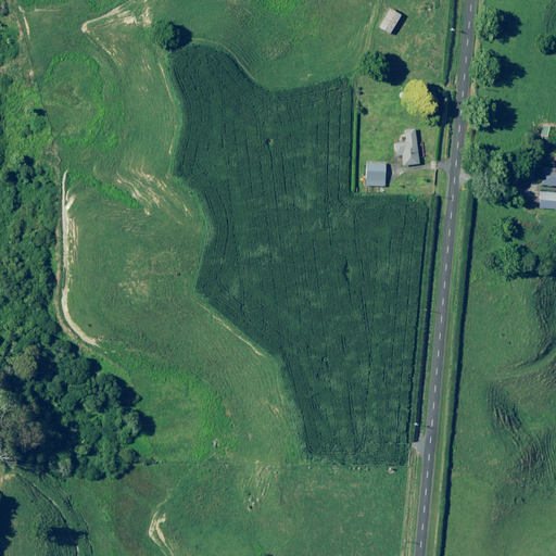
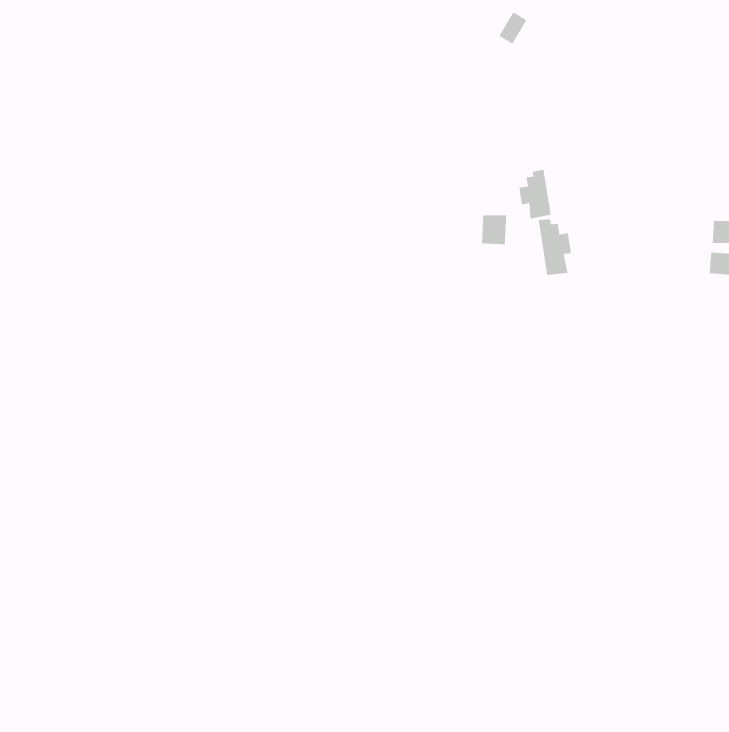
building: none -> [538,218,571,276]

